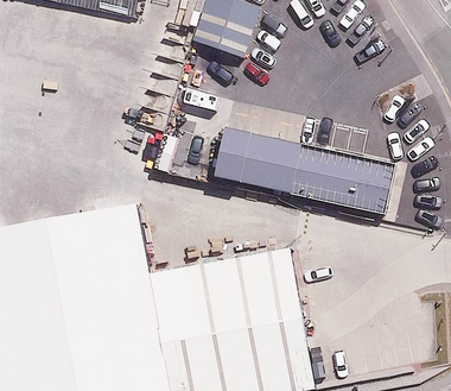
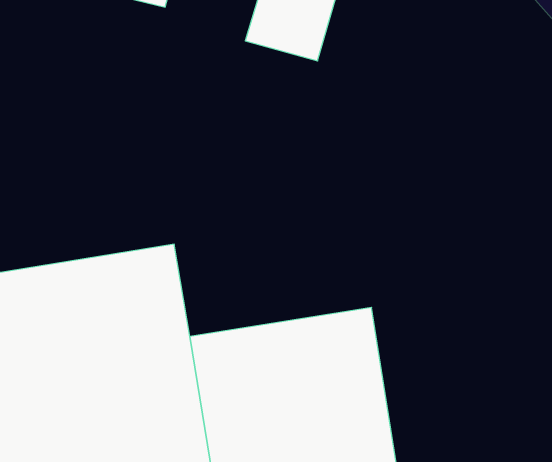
building: [216,125,396,213] -> none

